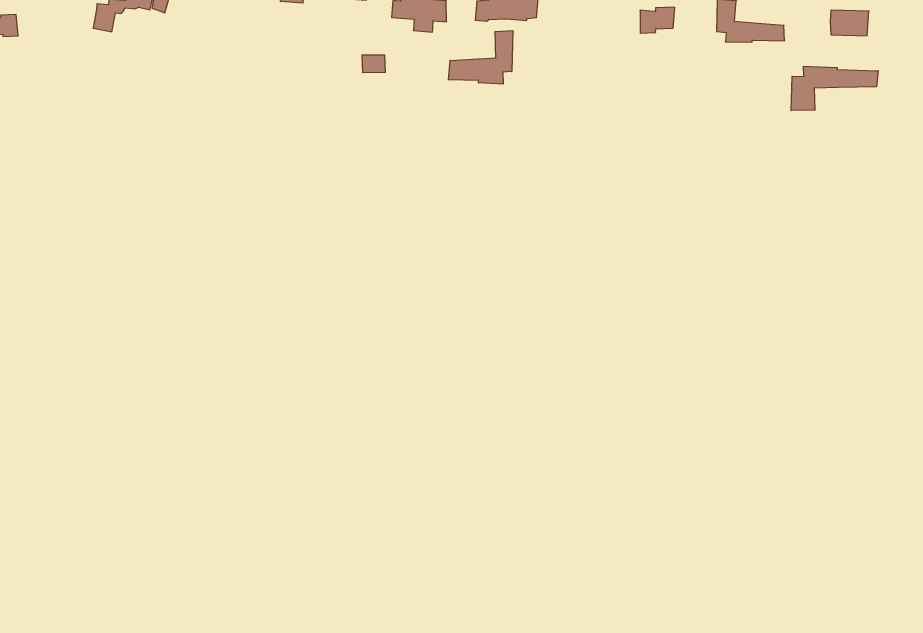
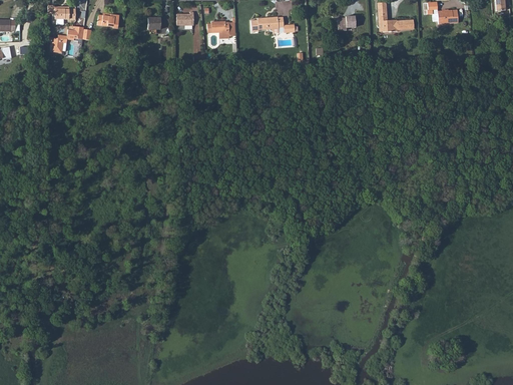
building: [449,31,513,84] -> none
building: [791,66,878,111] -> none

